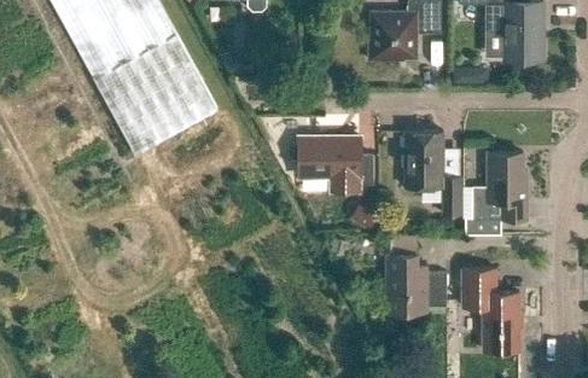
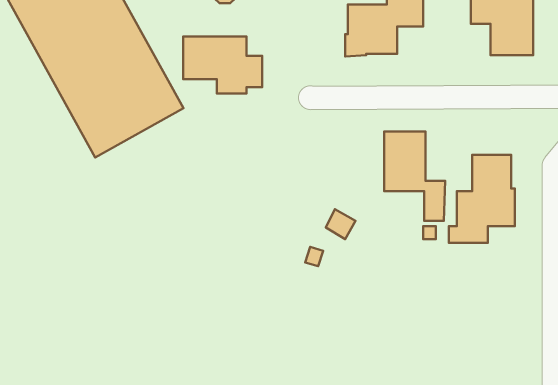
building: [299,136,373,190] -> [183,37,262,94]
building: [385,251,446,312] -> none
building: [461,268,519,350] -> none

